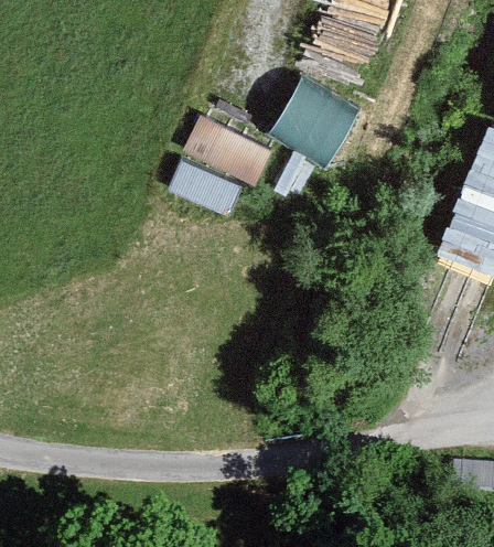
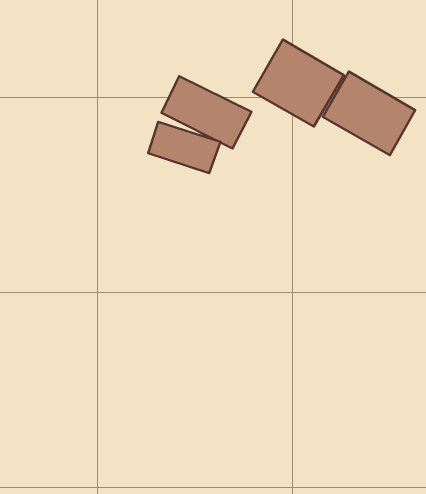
building: none -> [323,72,415,155]

